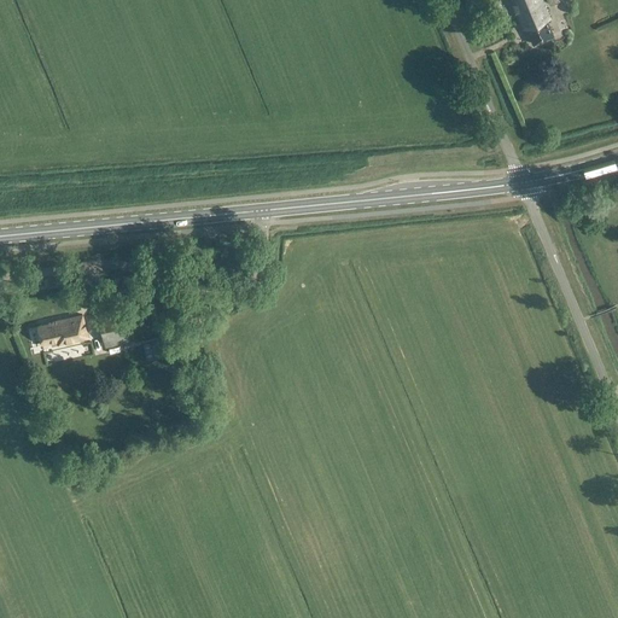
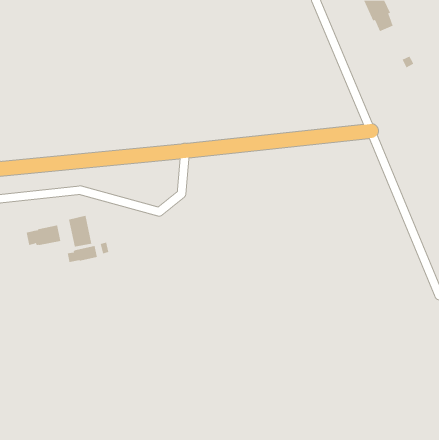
building: none -> [67,245,97,263]

